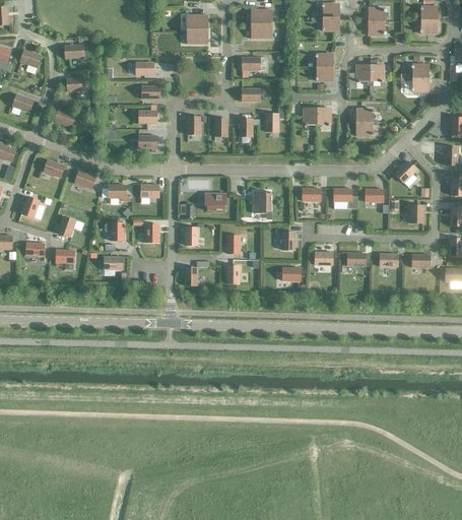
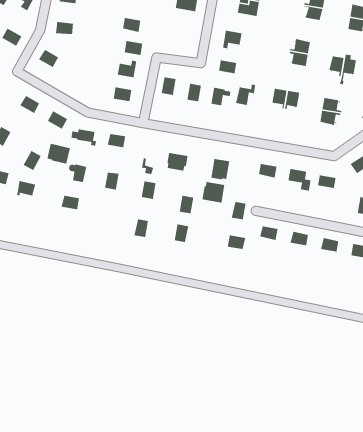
building: none -> [46,143,71,165]
building: none -> [202,181,225,203]

